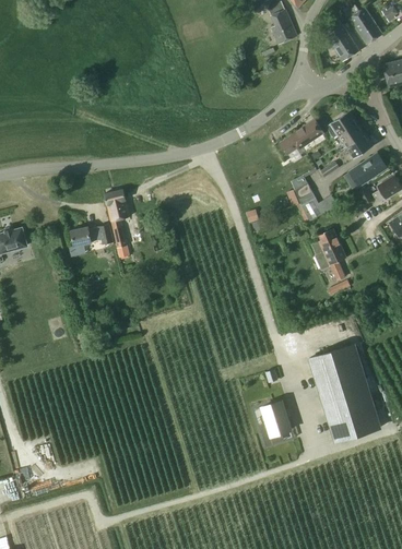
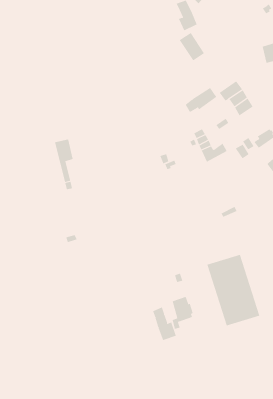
building: [348,7,382,44] -> none
building: [324,22,359,61] -> [179,32,205,61]
building: [350,153,387,186] -> none
building: [69,224,114,256] -> none
building: [311,229,345,281] -> none
building: none -> [152,307,176,341]

